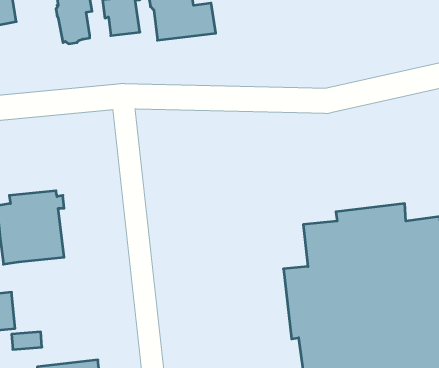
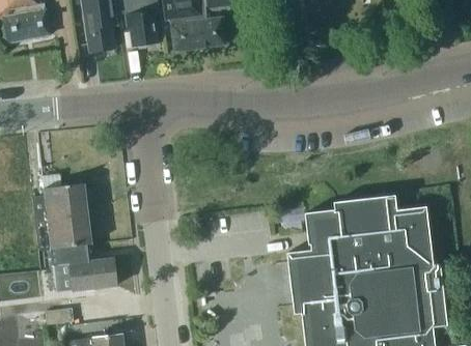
building: none -> [51,242,116,290]

